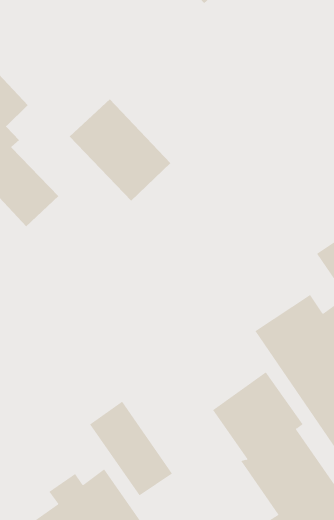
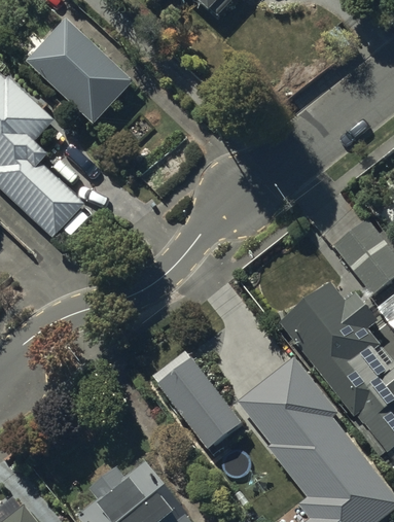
building: [69,98,171,201] -> [30,23,130,120]
building: [89,401,173,496] -> [154,346,238,437]

